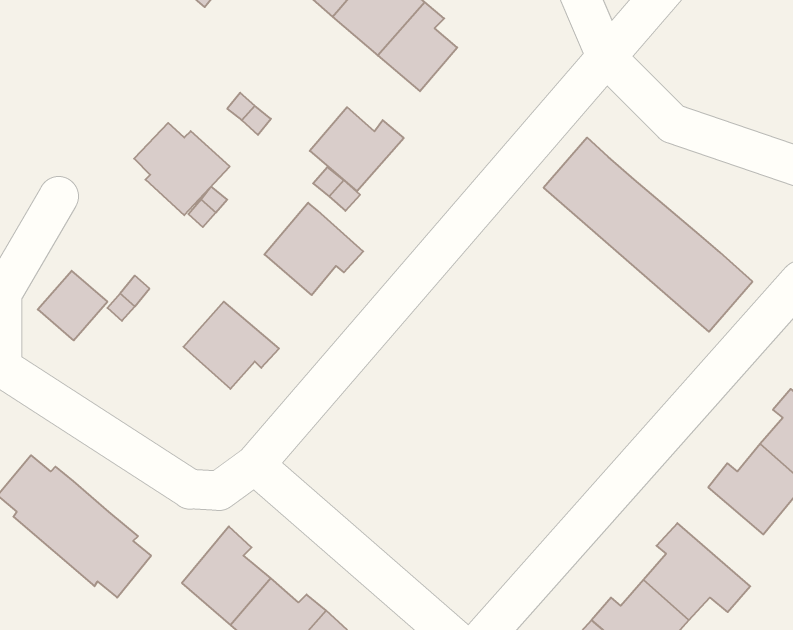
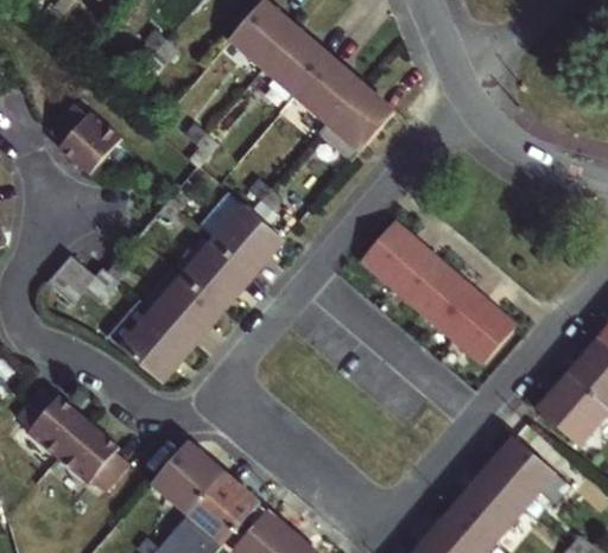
building: [310,107,404,191] -> [325,89,394,151]
building: [134,123,230,215] -> [52,106,122,173]
building: [544,138,752,332] -> [360,222,513,364]
building: none -> [182,241,246,310]
building: none -> [121,309,186,380]

